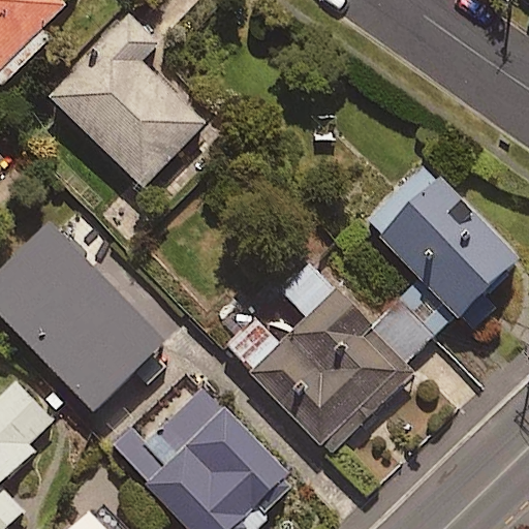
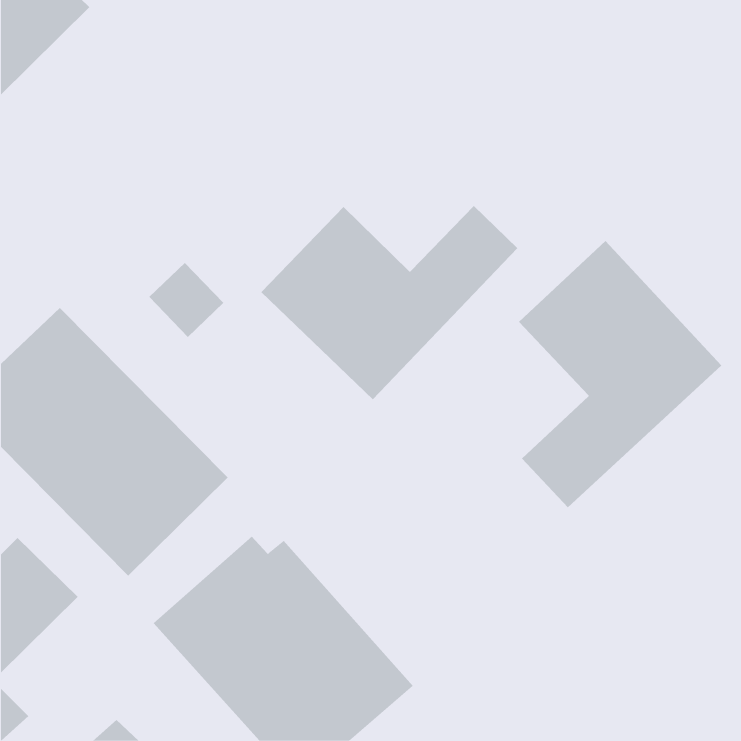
building: [48,17,231,211] -> none
building: none -> [260,205,518,400]
building: [250,260,412,452] -> none

